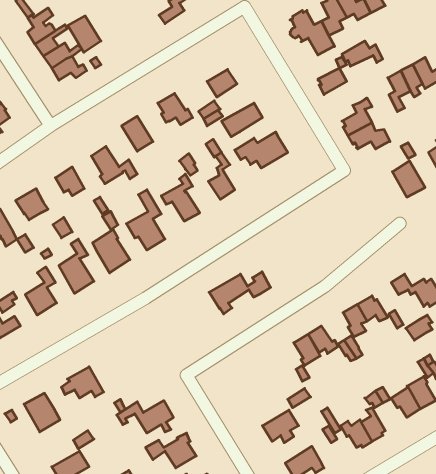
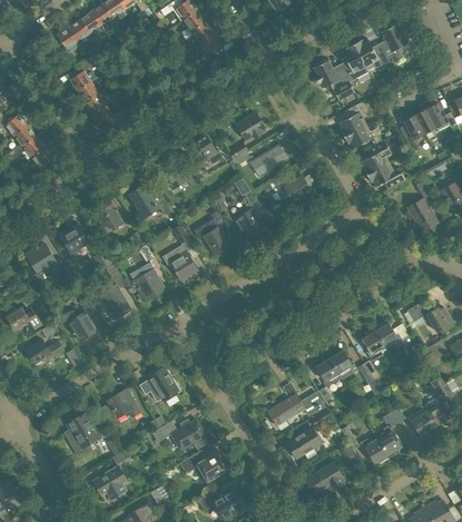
building: [68,16,101,52] -> none
building: [342,41,383,66] -> [344,125,382,148]
building: [209,272,271,314] -> [267,392,324,431]
building: none -> [140,366,178,401]

